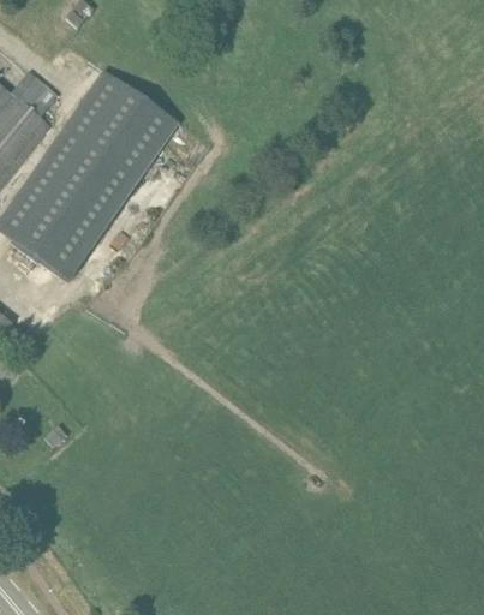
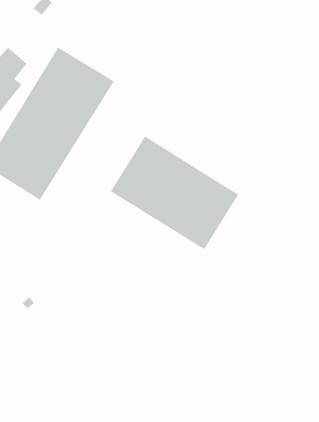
building: none -> [110,135,239,250]

